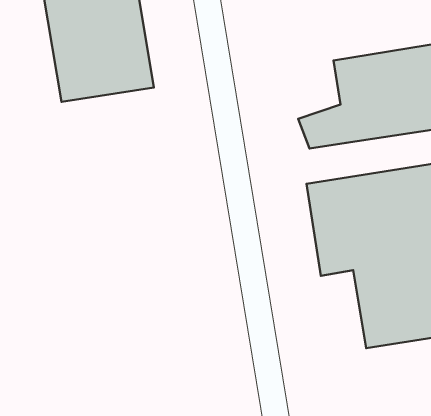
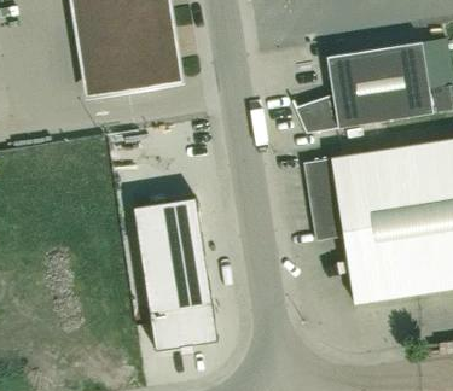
building: none -> [133,199,217,354]

